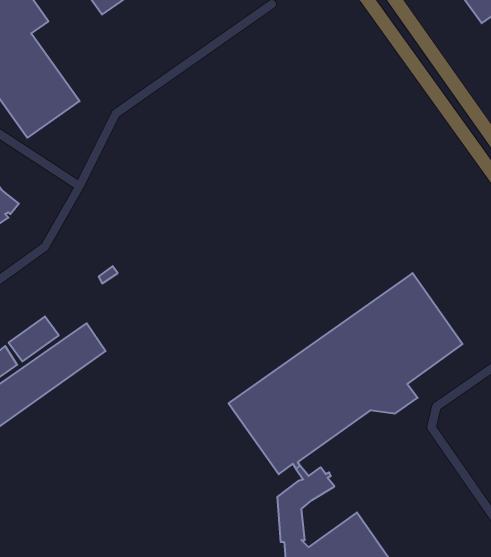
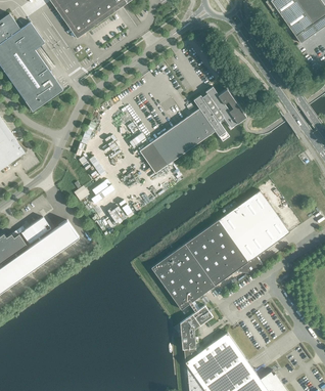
building: none -> [139,86,246,173]

